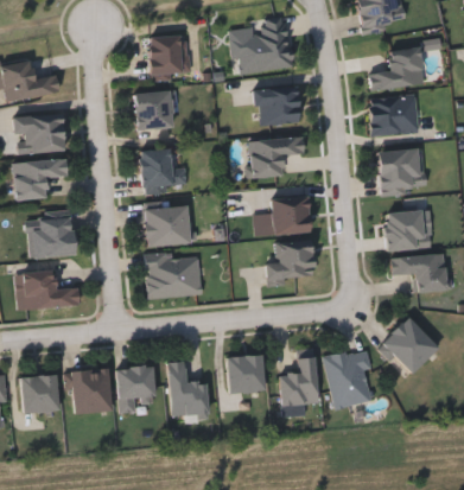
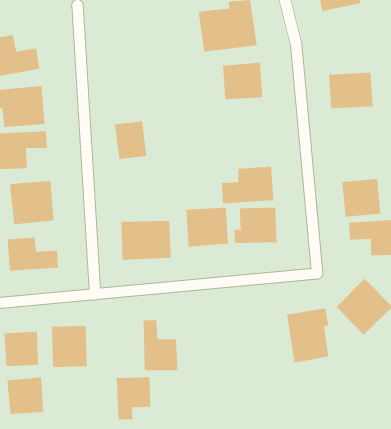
building: [150,36,189,77] -> none
building: [369,49,424,91] -> none
building: [135,93,172,131] -> none
building: [249,136,304,178] -> none
building: [377,148,425,195] -> none
building: [144,205,190,248] -> [186,207,229,247]
building: [227,354,266,393] -> none
building: [280,357,318,406] -> none
building: [116,365,154,412] -> [116,377,151,420]
building: none -> [7,377,44,415]

